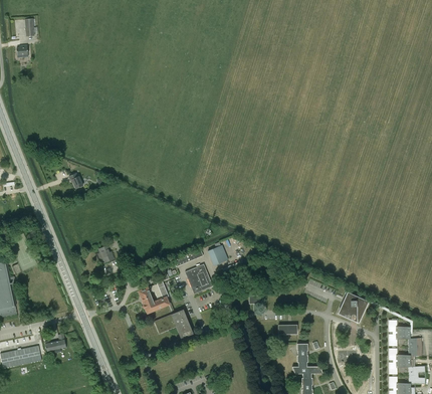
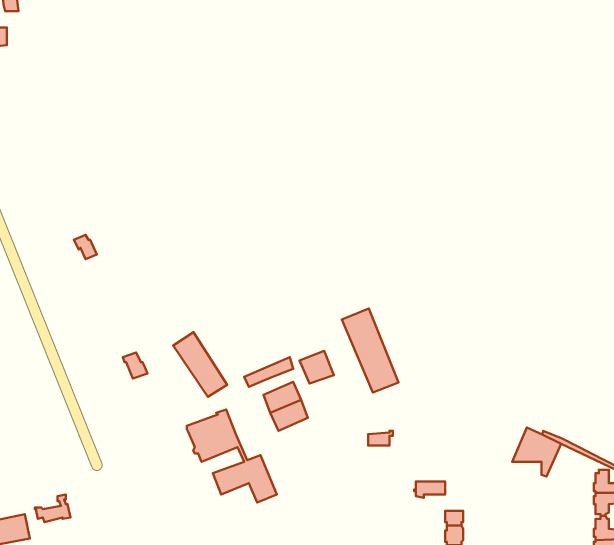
building: none -> [342,308,399,392]
building: none -> [173,332,227,397]

